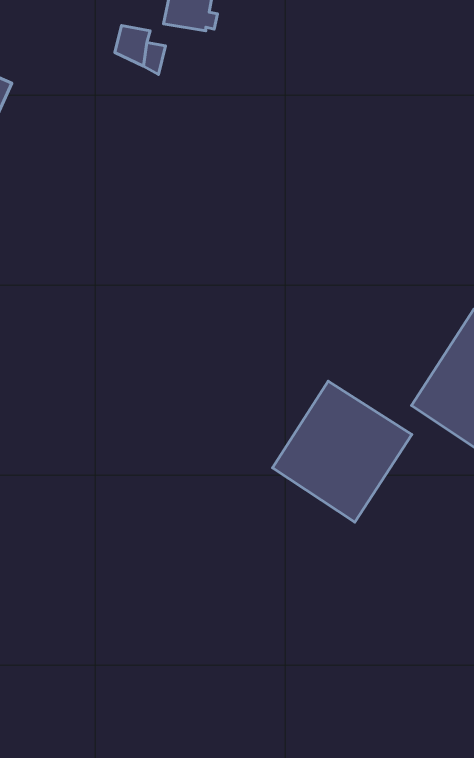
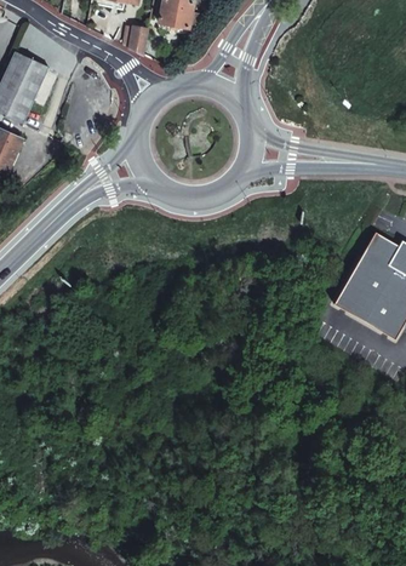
building: [272,381,412,522] -> none

